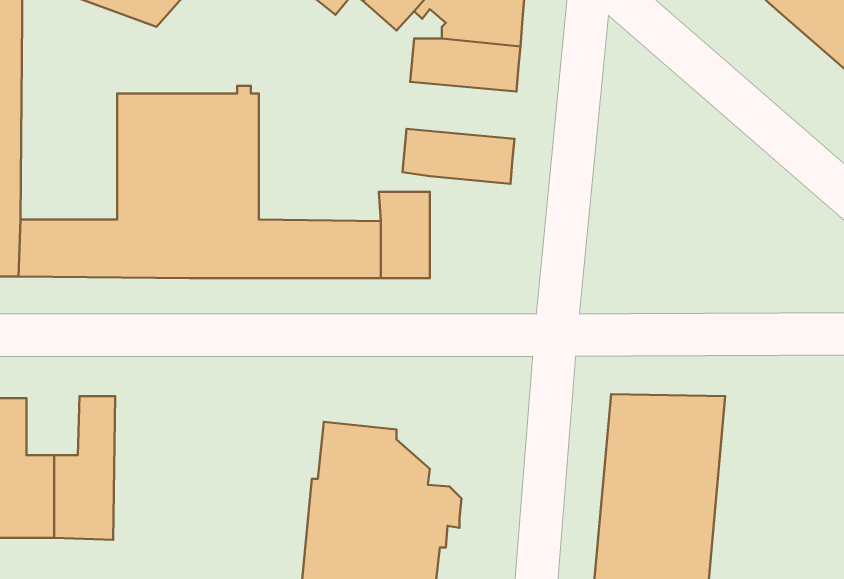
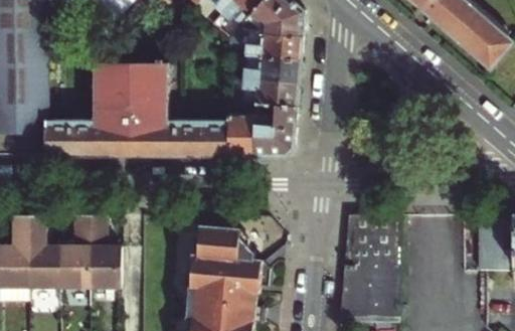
building: none -> [241,54,298,84]
building: none -> [253,103,295,156]
building: none -> [92,215,122,289]

